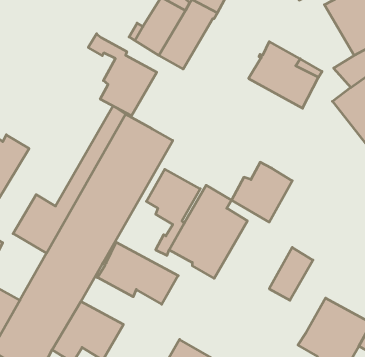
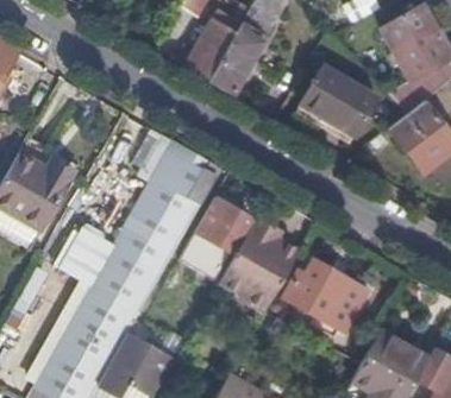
building: [88,34,157,116] -> none
building: [231,162,292,222] -> [283,260,346,322]
building: [97,242,178,304] -> none

